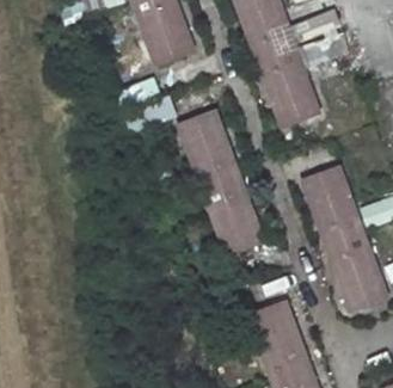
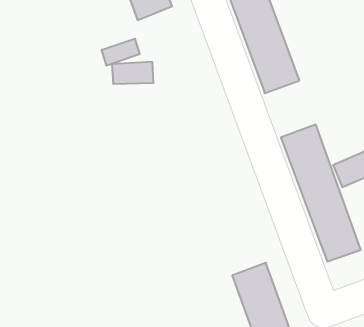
building: [180,111,263,254] -> none

